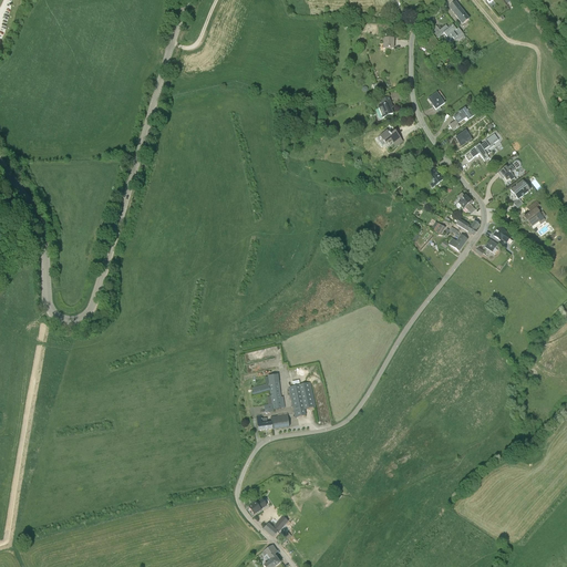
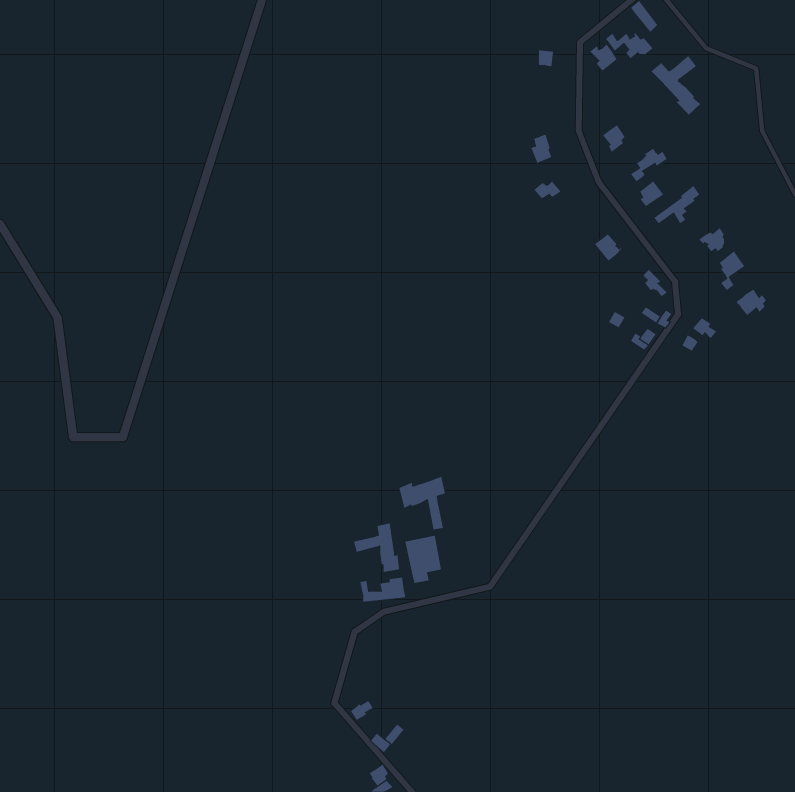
building: none -> [651,55,701,115]
building: none -> [399,476,446,530]

